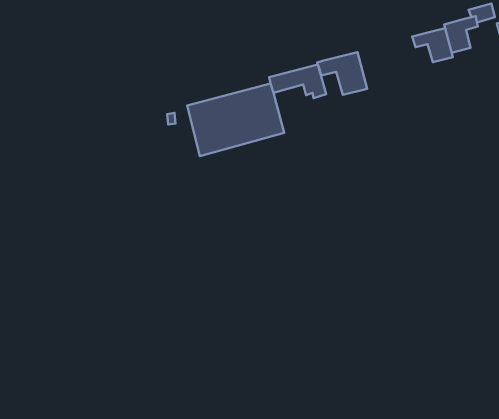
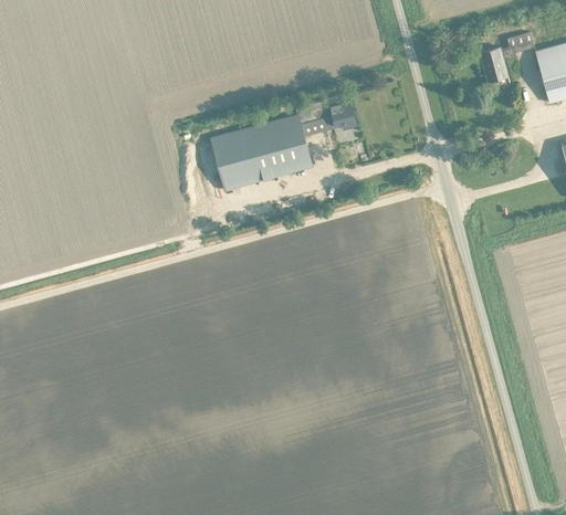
building: [412,28,453,62] -> none
building: [317,52,367,95] -> none

